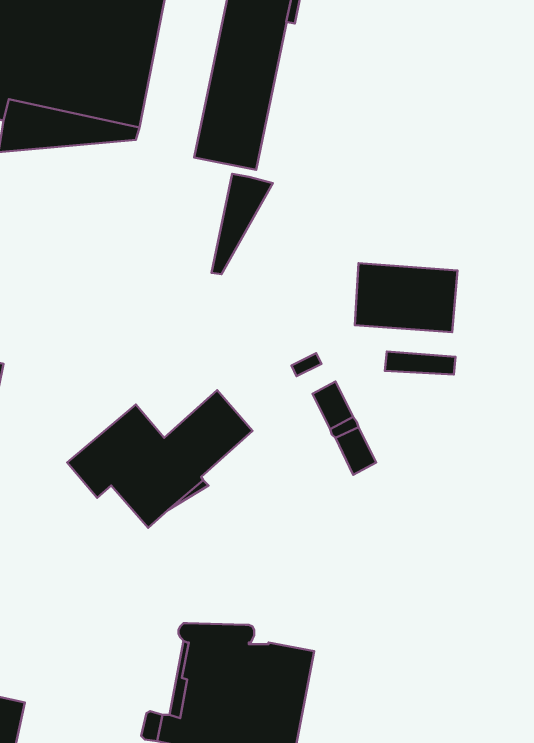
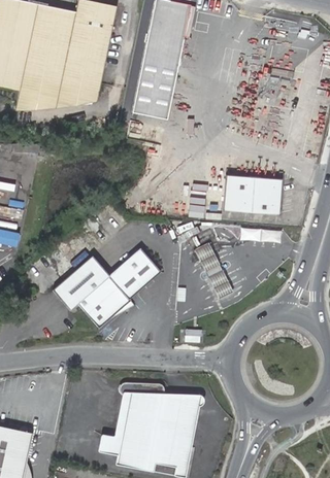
building: [211,174,273,274] -> none

